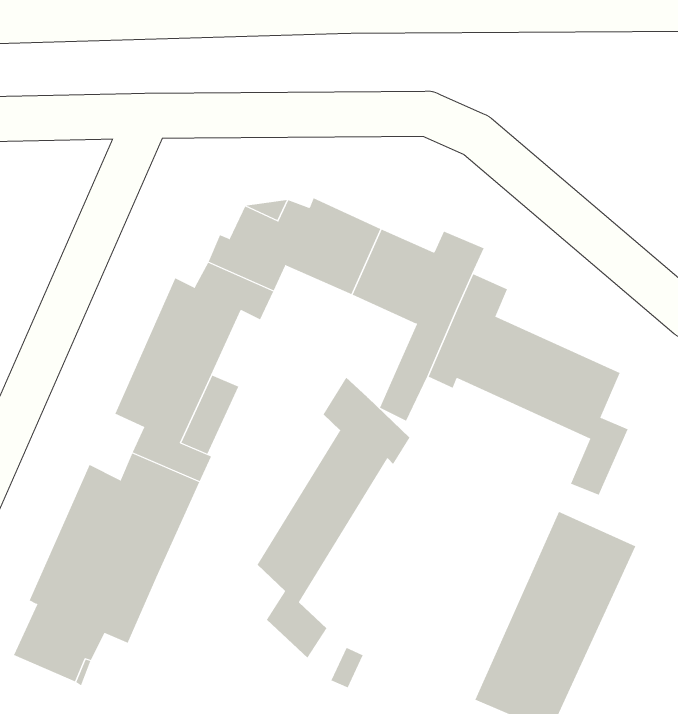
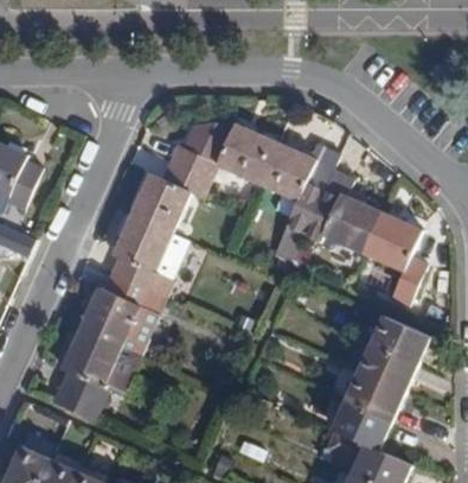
building: [257,377,410,658] -> none

